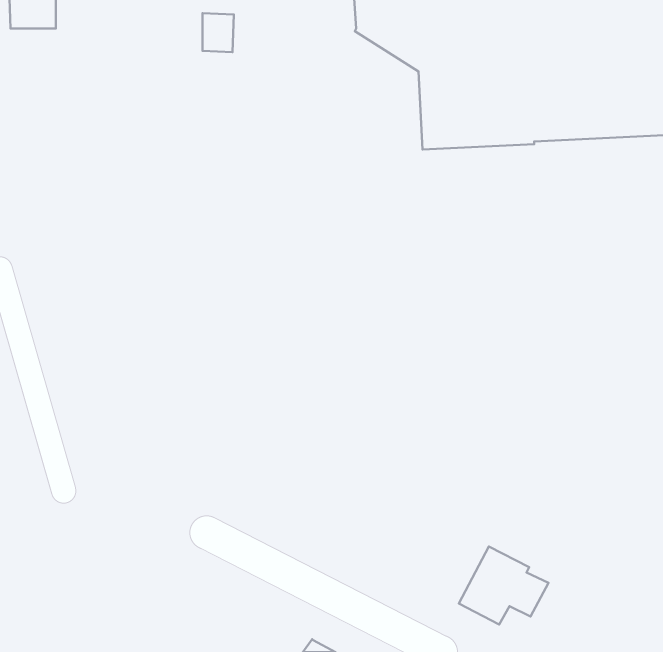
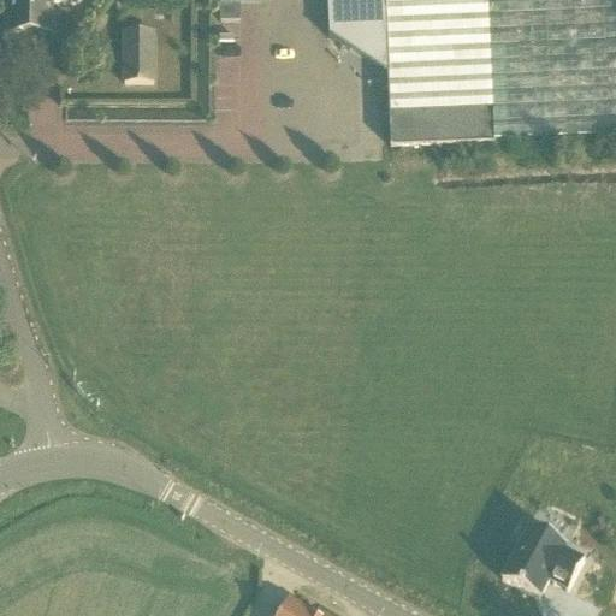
building: [203,13,234,52] -> [126,40,155,76]
building: [459,546,549,624] -> [503,519,586,591]

